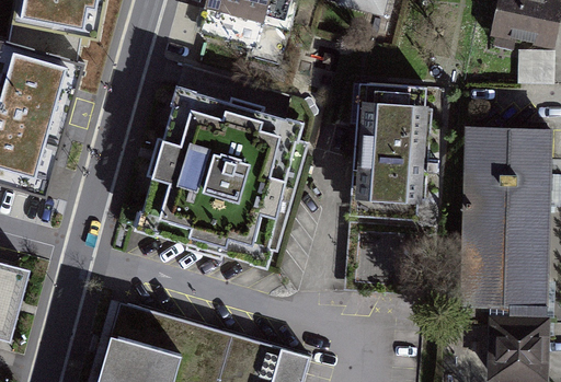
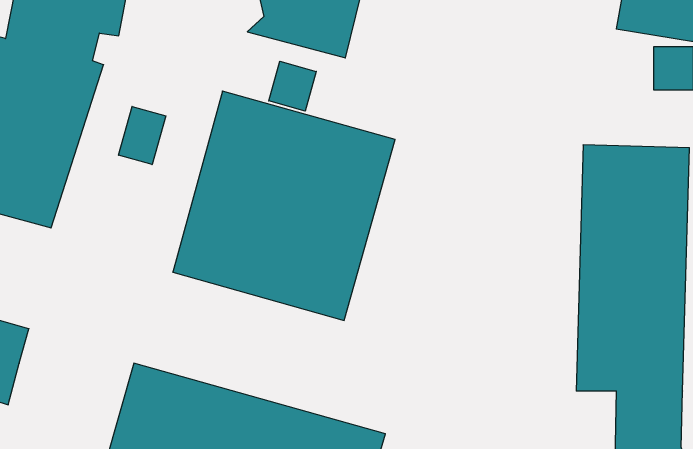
building: none -> [269,61,316,111]
building: [345,81,432,216] -> none
building: none -> [119,106,166,165]

